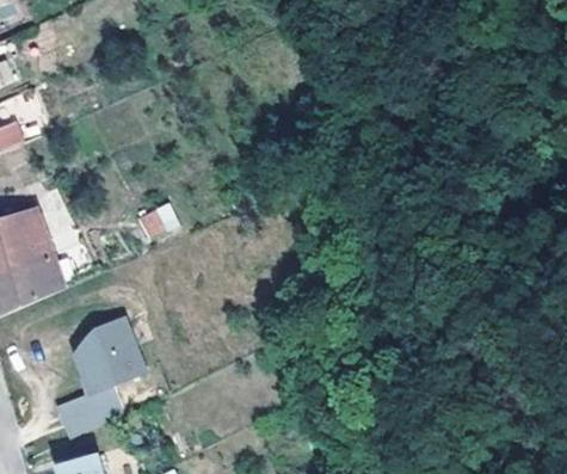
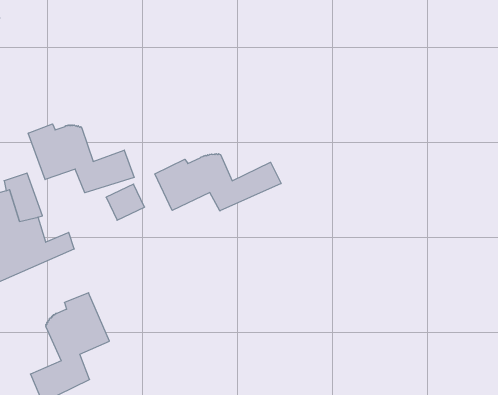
building: none -> [28,124,134,193]
building: none -> [155,154,281,211]

